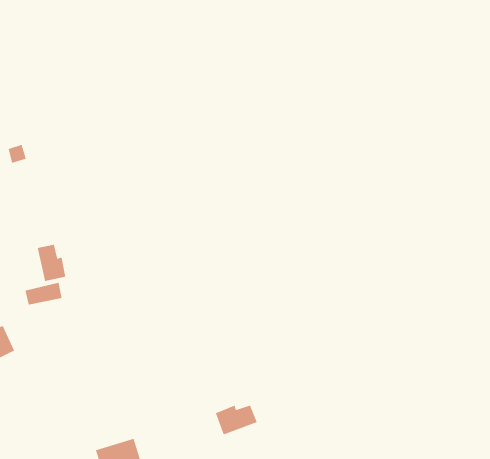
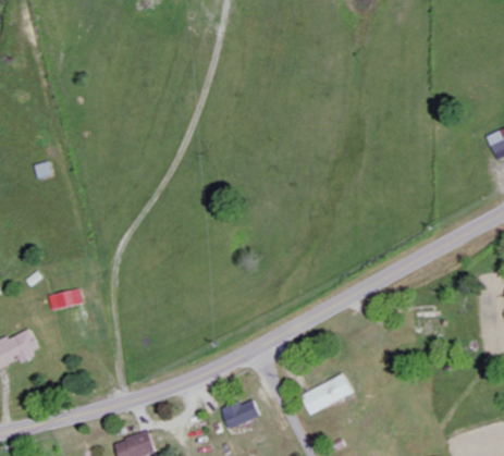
building: [37,244,66,282] -> none
building: none -> [303,374,355,412]

